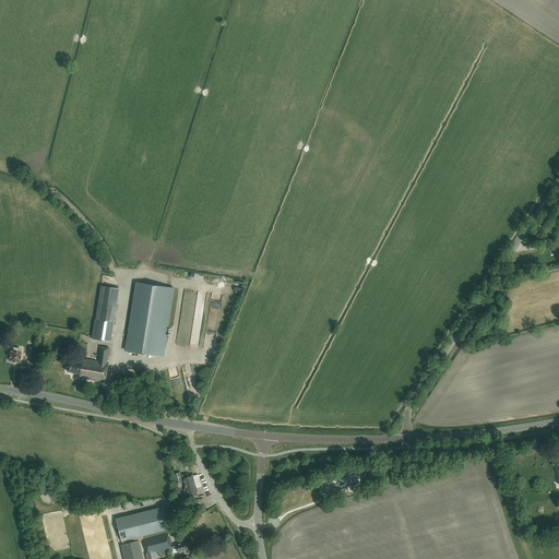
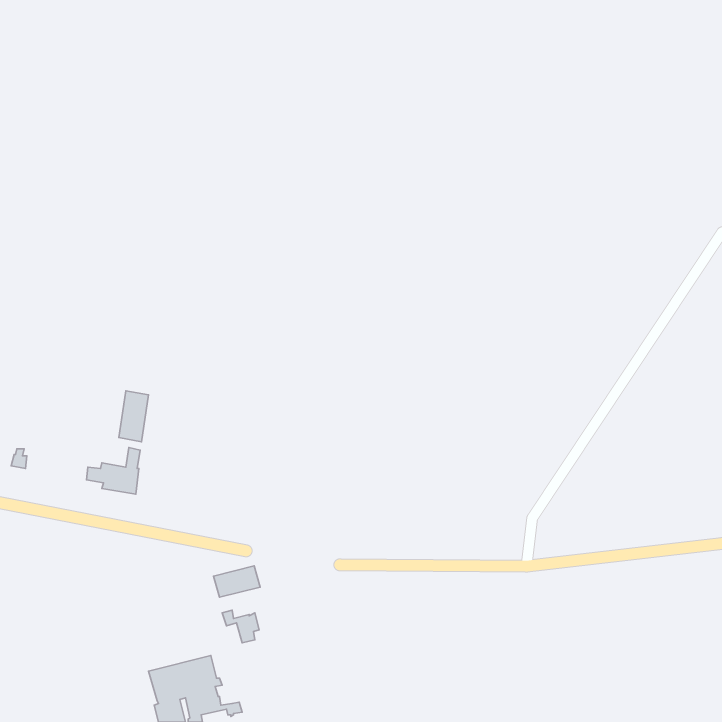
building: [126,282,174,356] -> none
building: none -> [214,566,260,597]

